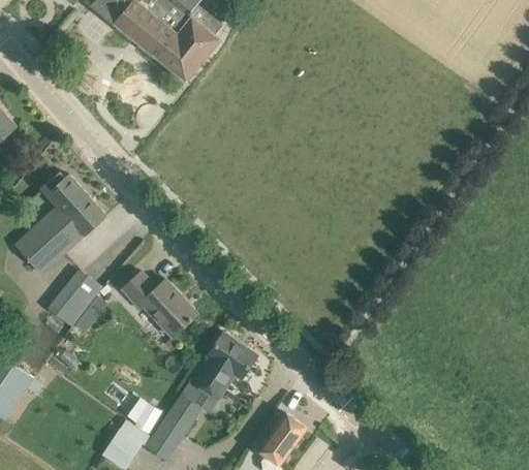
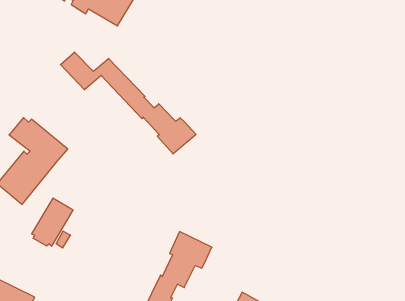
building: none -> [60,52,196,154]
building: [121,270,196,336] -> none

